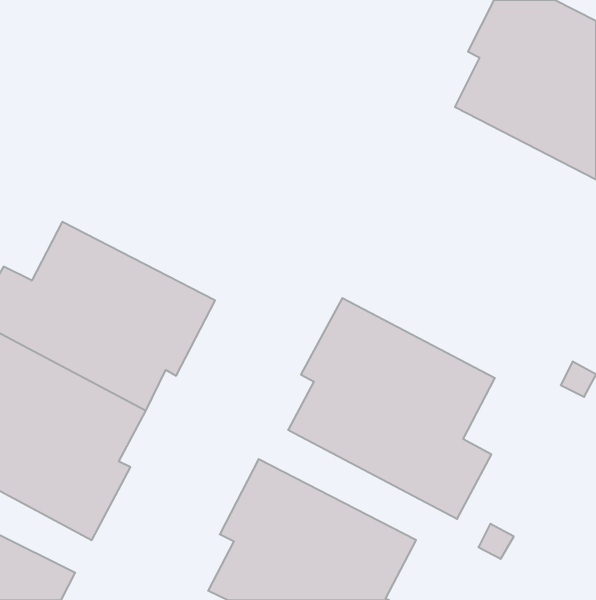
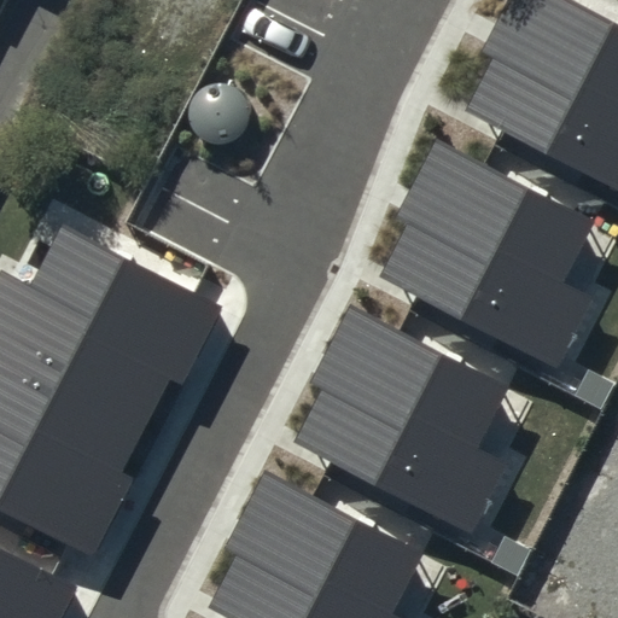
building: none -> [380,141,595,369]

